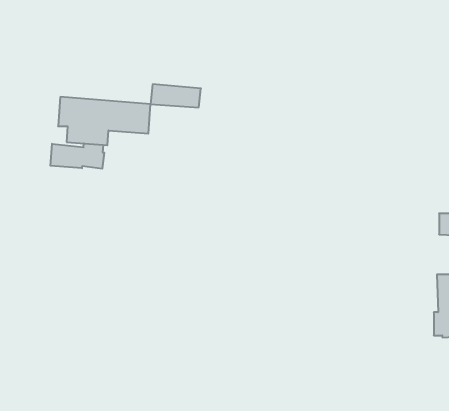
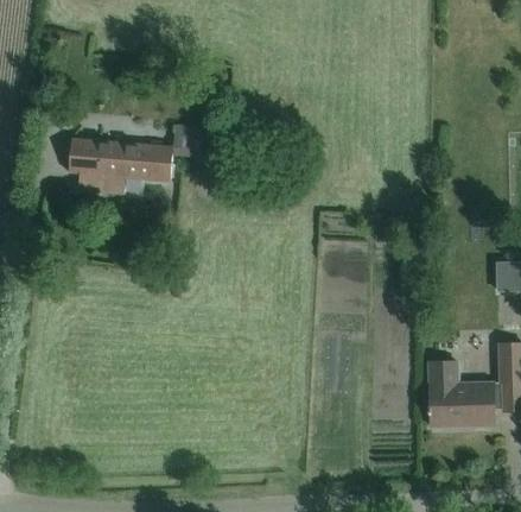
building: [50,143,104,169] -> none
building: none -> [426,361,493,426]

